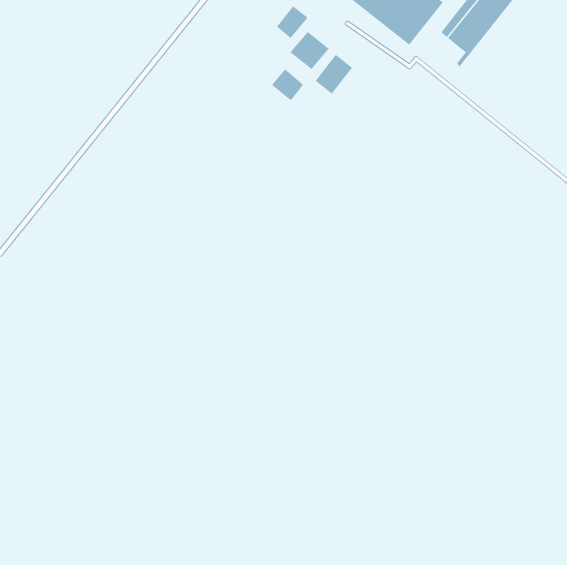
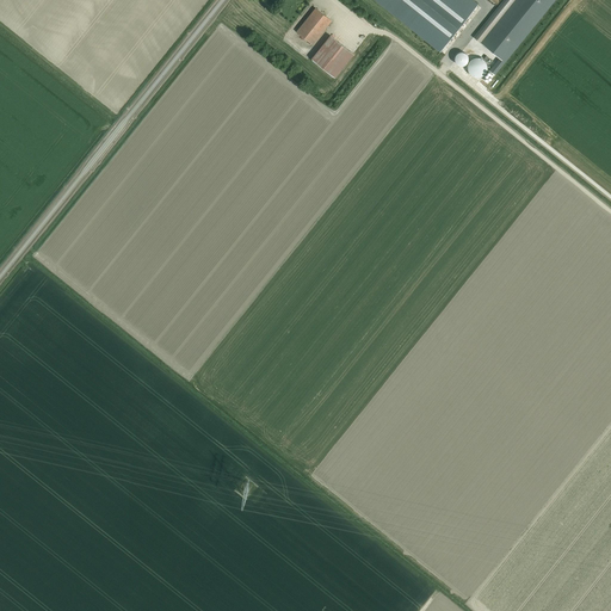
building: [315,54,353,95] -> none
building: [271,68,304,101] -> none

